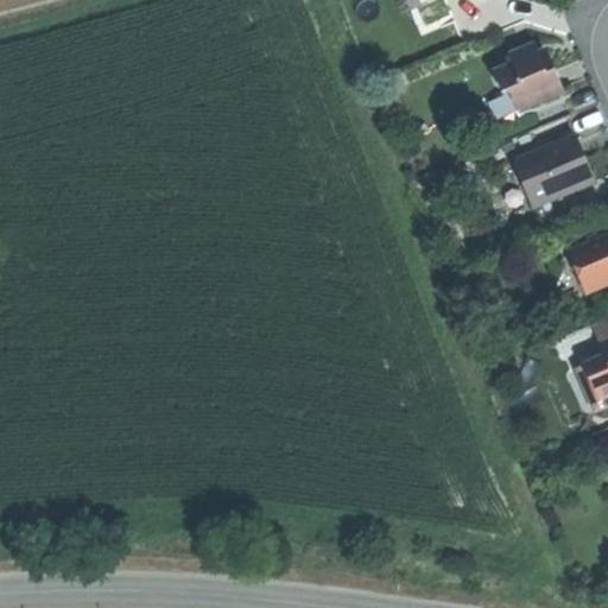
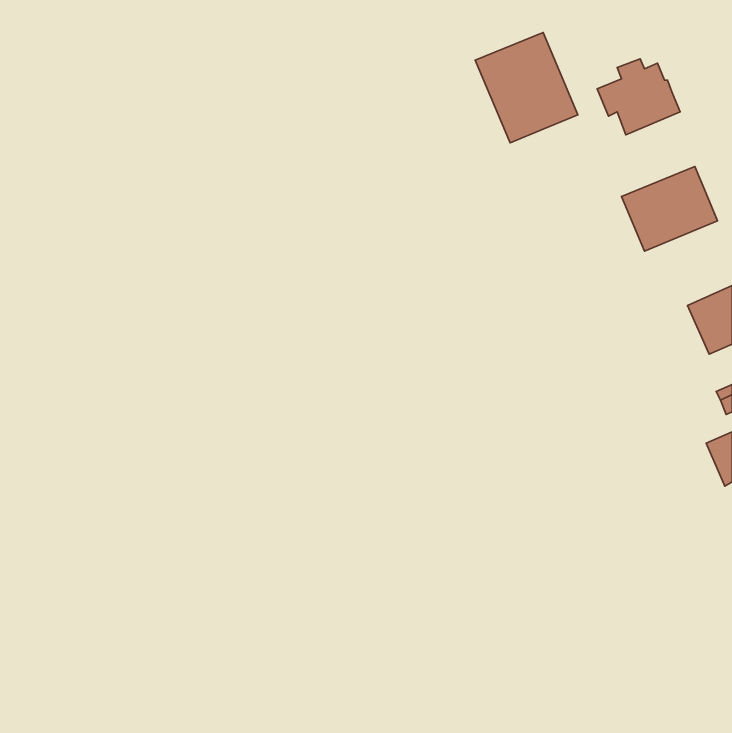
building: none -> [475,32,578,143]

